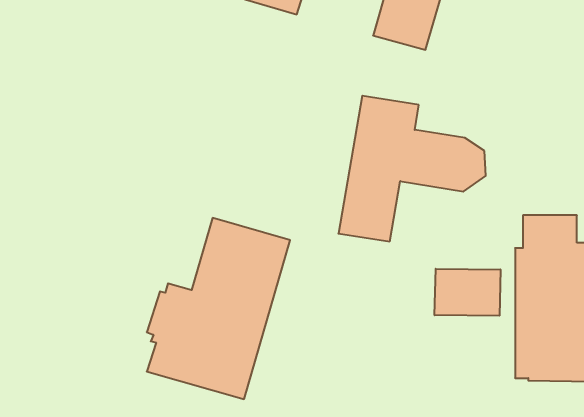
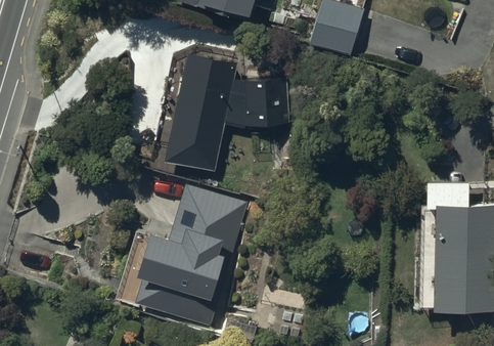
building: [338,96,486,241] -> [175,57,289,171]
building: [435,269,500,316] -> none

